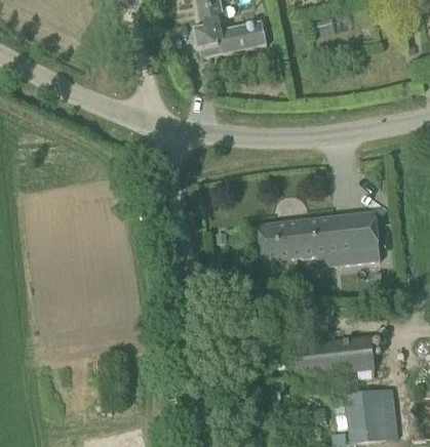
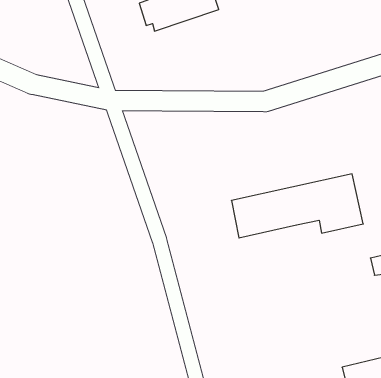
building: [288,335,376,380] -> none

